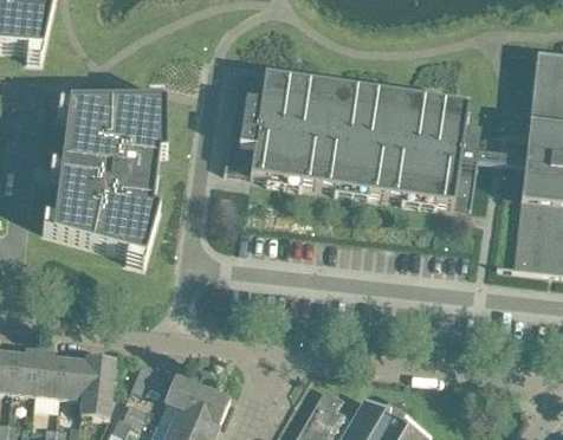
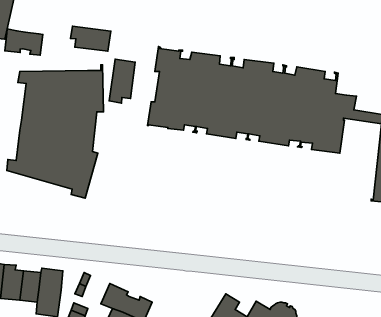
building: none -> [70,26,111,51]
building: none -> [5,29,43,55]
building: none -> [109,59,135,103]

